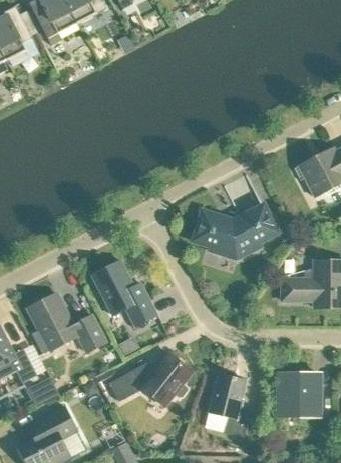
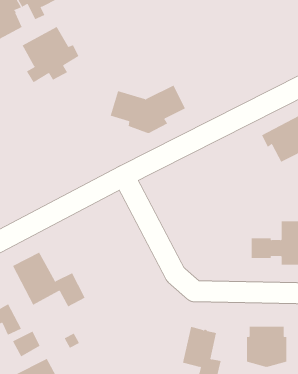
building: none -> [22,26,79,83]
building: [195,206,276,259] -> [110,85,186,134]
building: [91,260,156,326] -> none
building: [108,351,193,406] -> none

